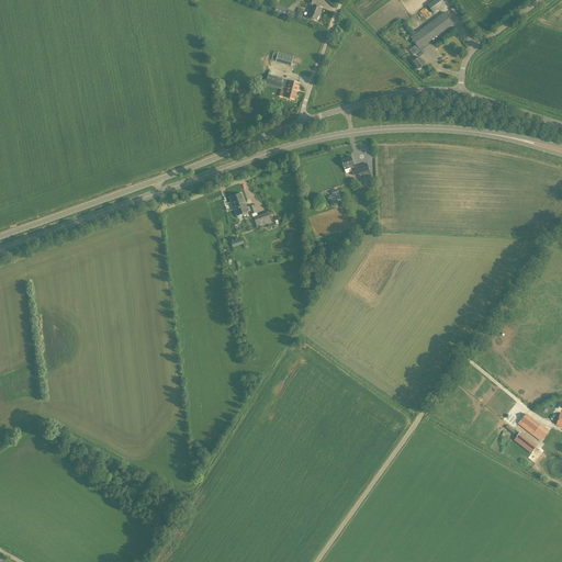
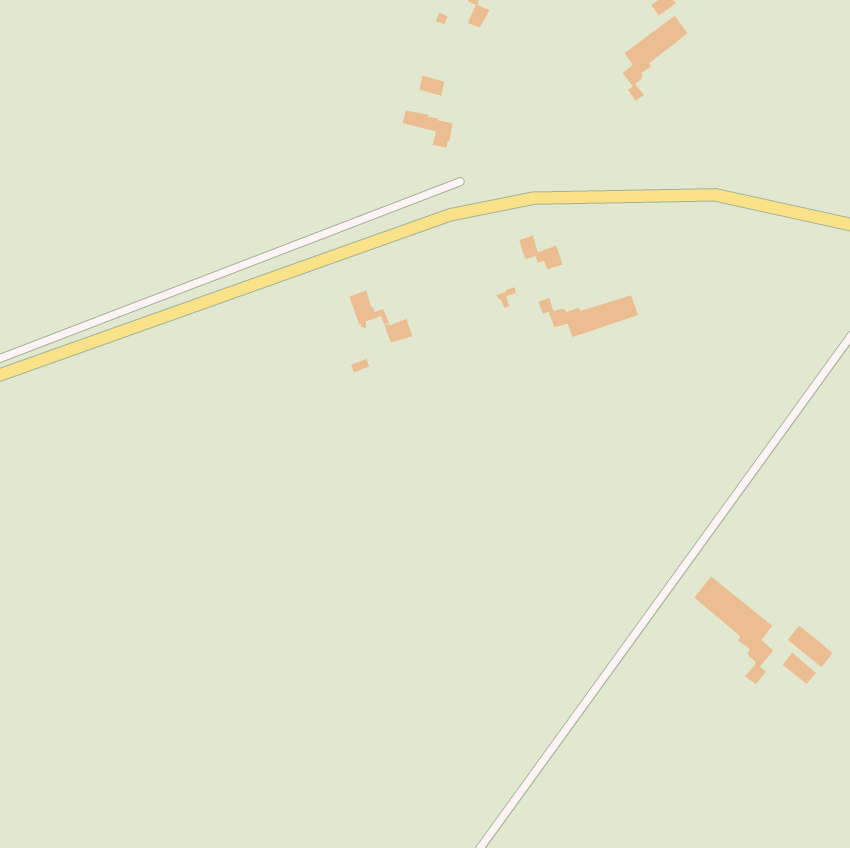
building: none -> [538,294,639,338]
building: none -> [694,576,774,685]

